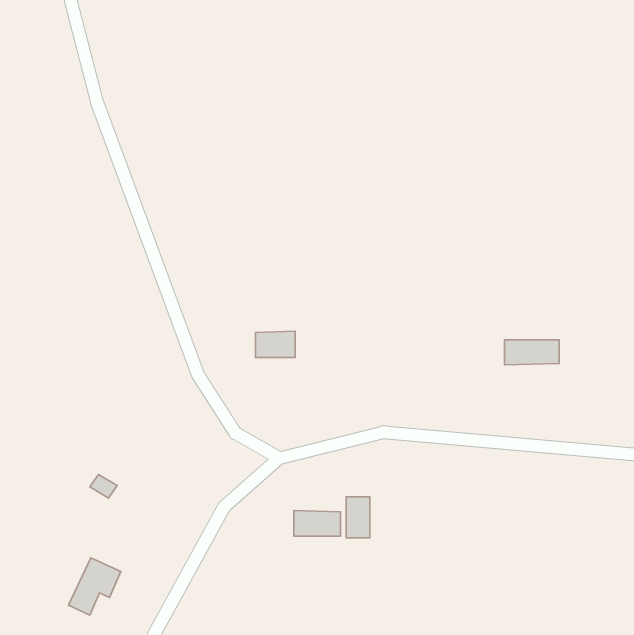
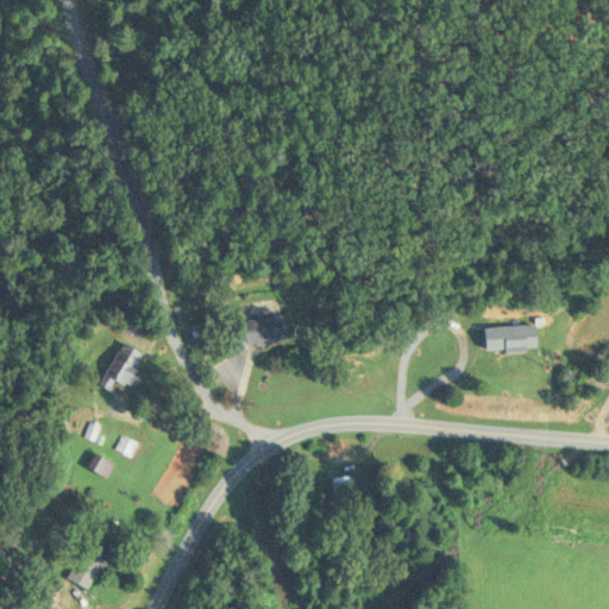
building: none -> [99,341,146,390]
building: [294,511,341,536] -> none

